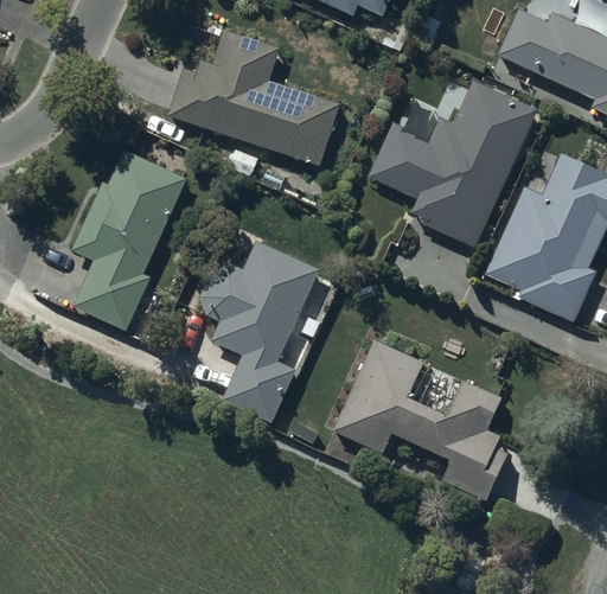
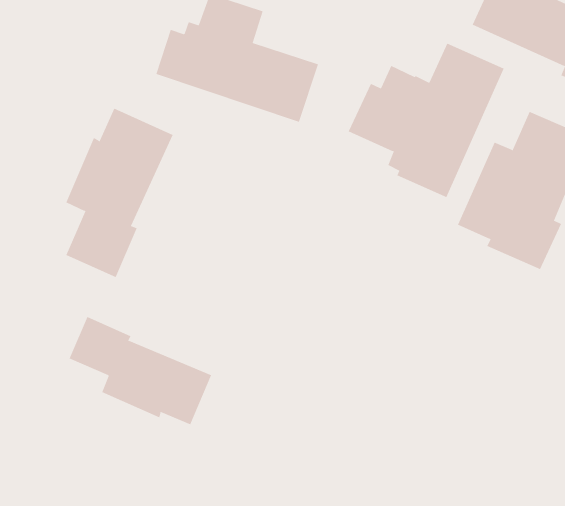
building: [200,241,319,421] -> none
building: [332,339,507,500] -> none
building: none -> [69,316,212,425]

